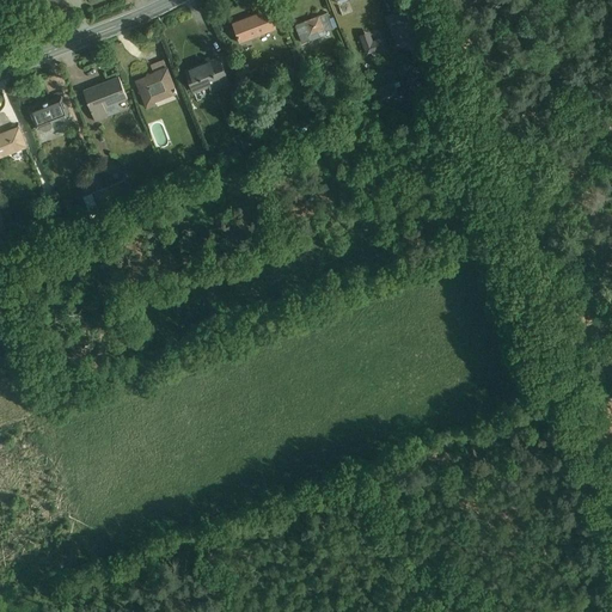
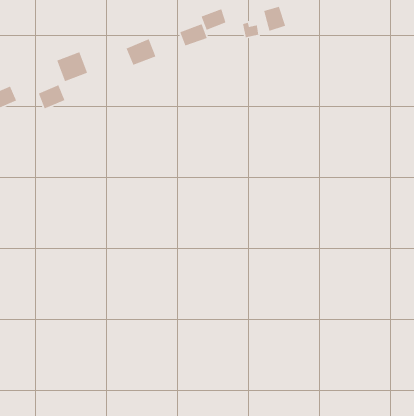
building: [232,8,274,43] -> [179,23,208,47]
building: [134,65,175,106] -> none
building: [26,92,67,129] -> [38,84,65,109]

